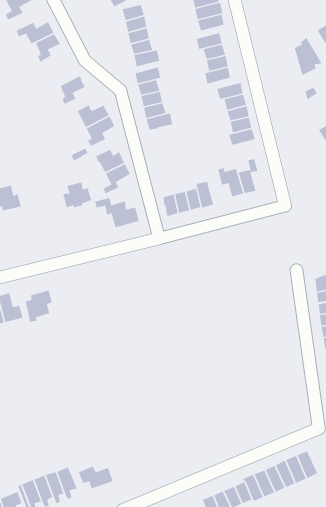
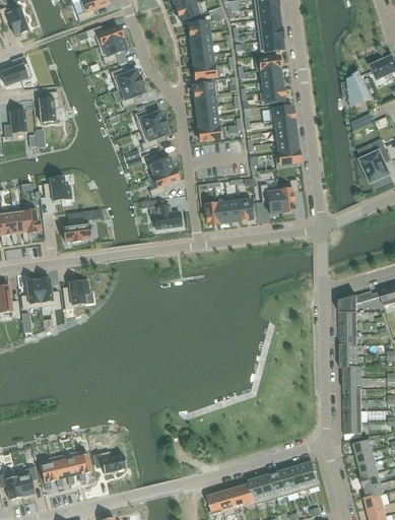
building: none -> [110,68,141,89]
building: [62,181,92,208] -> [63,217,90,242]

